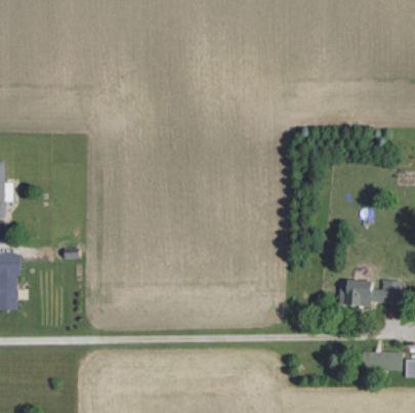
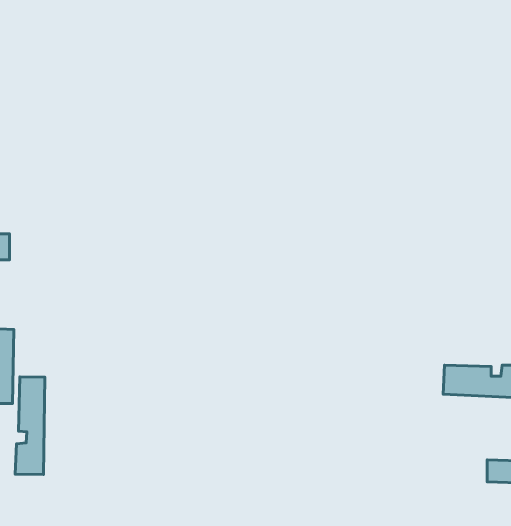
building: none -> [15,377,45,475]

